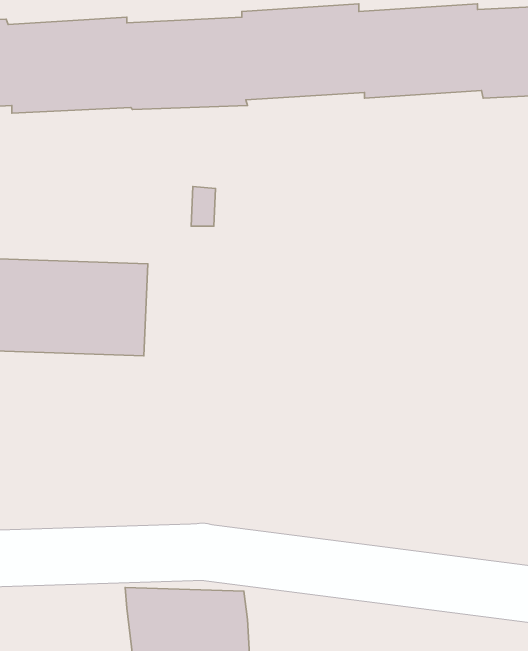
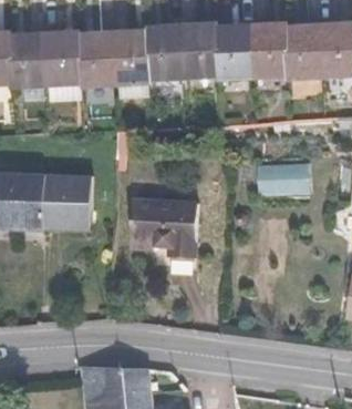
building: none -> [256,162,308,194]
building: none -> [128,198,197,258]

